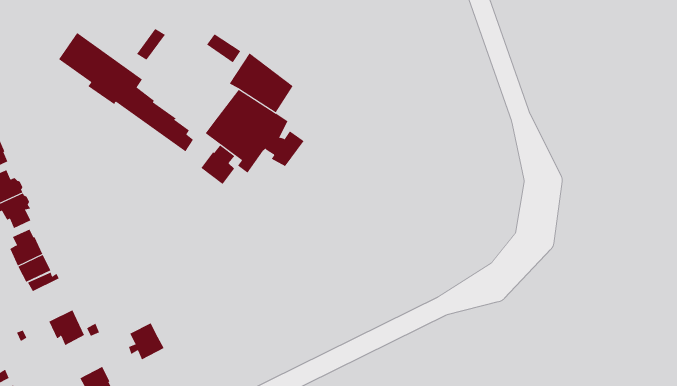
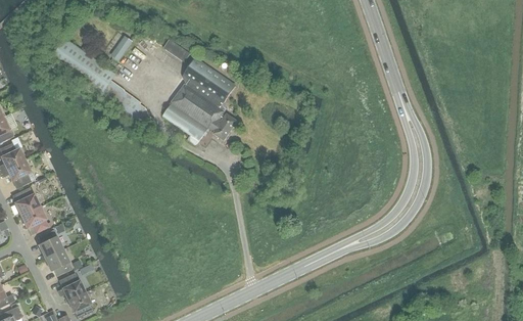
building: [201,145,235,185] -> none
building: none -> [37,229,61,258]
building: [128,323,164,360] -> [56,272,84,301]

